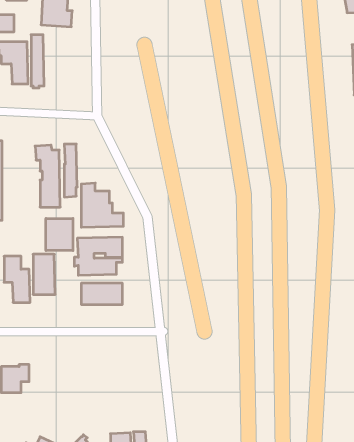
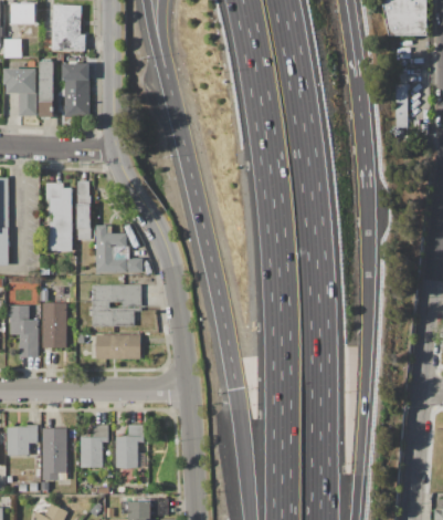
building: none -> [62,63,89,117]
building: [46,218,73,251] -> none
building: none -> [80,425,108,467]
building: none -> [115,425,144,467]
building: none -> [42,428,66,480]

